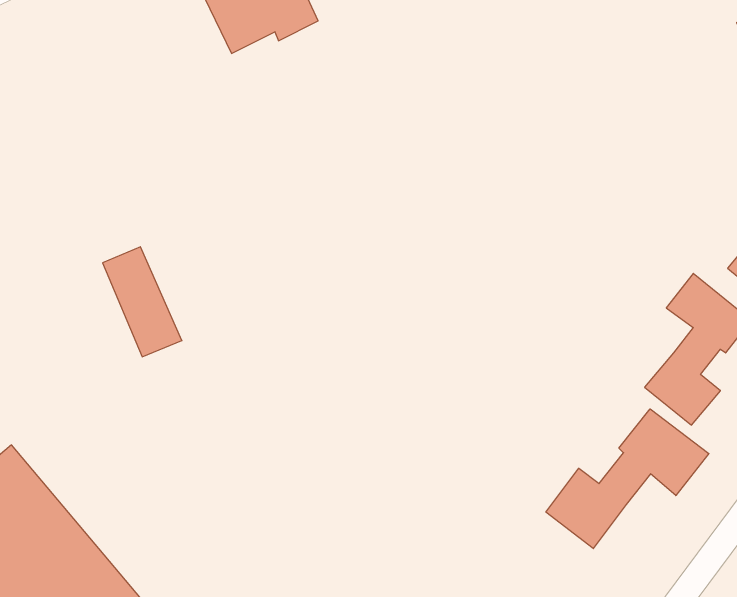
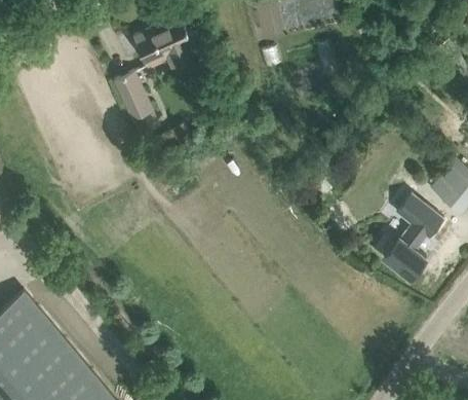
building: [103,247,182,357] -> [115,71,160,134]
building: [546,409,709,549] -> none

